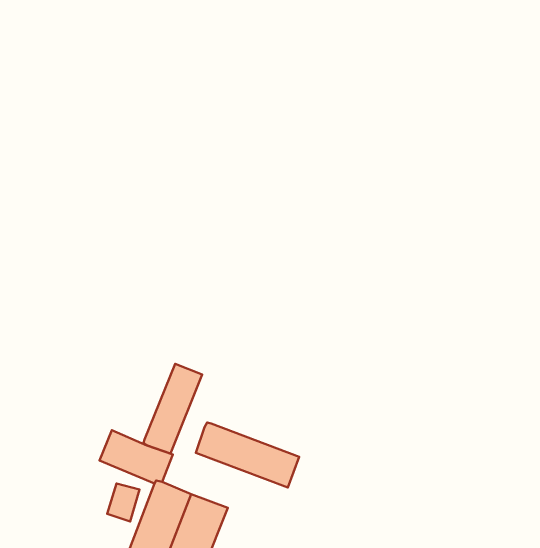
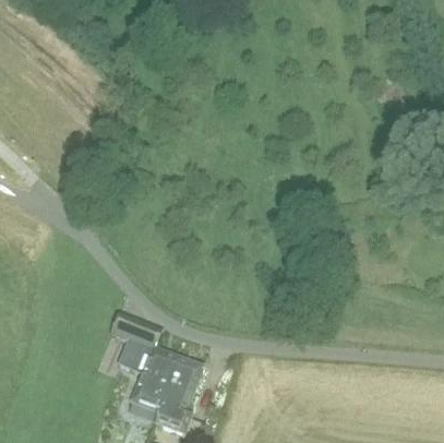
building: [143,364,202,454] -> none
building: [196,422,299,487] -> none

